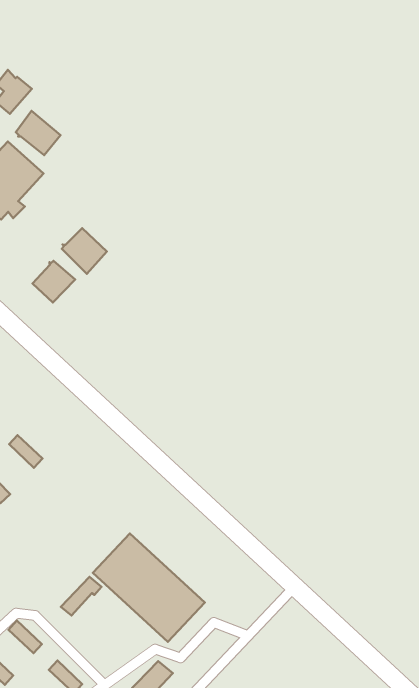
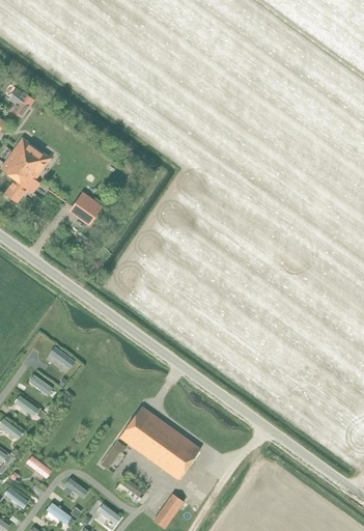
building: [16,111,60,155] -> none
building: [33,261,75,302] -> none

